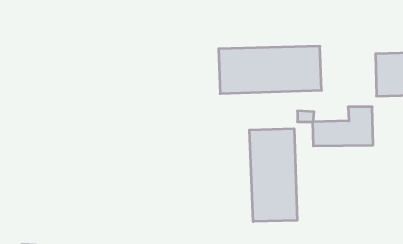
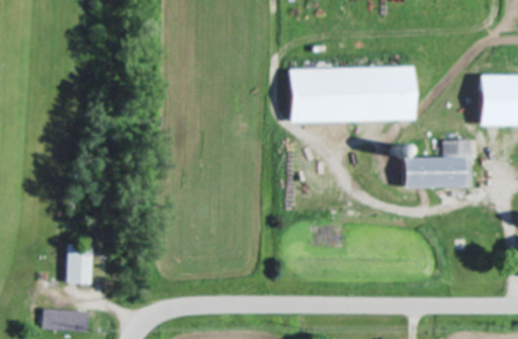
building: [249,129,297,222] -> none
building: none -> [69,243,96,282]

